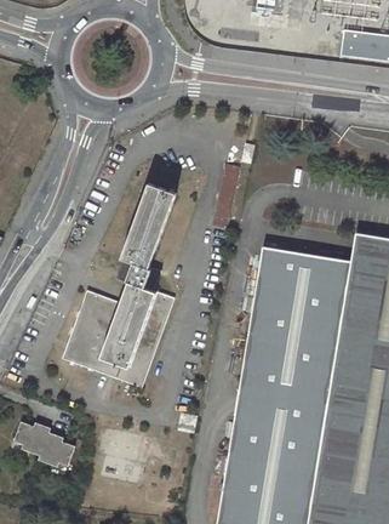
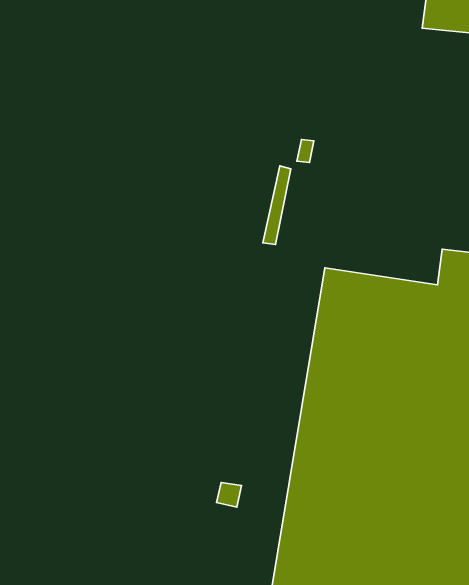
building: [63,177,177,387] -> none
building: [15,422,74,466] -> none

